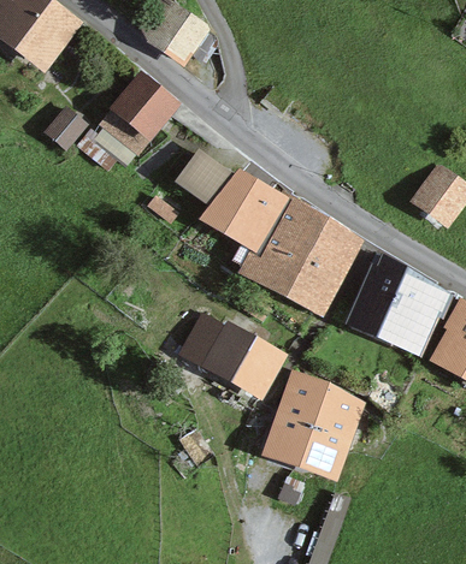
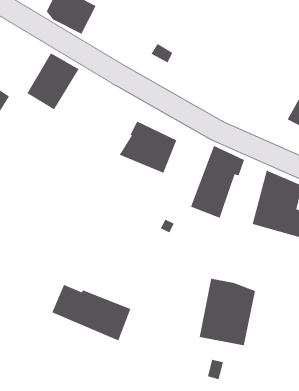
building: [178,155,228,203] -> none
building: [246,194,323,289] -> none
building: [183,316,281,394] -> [52,284,131,341]

